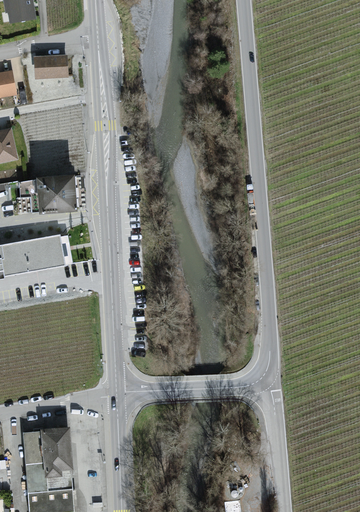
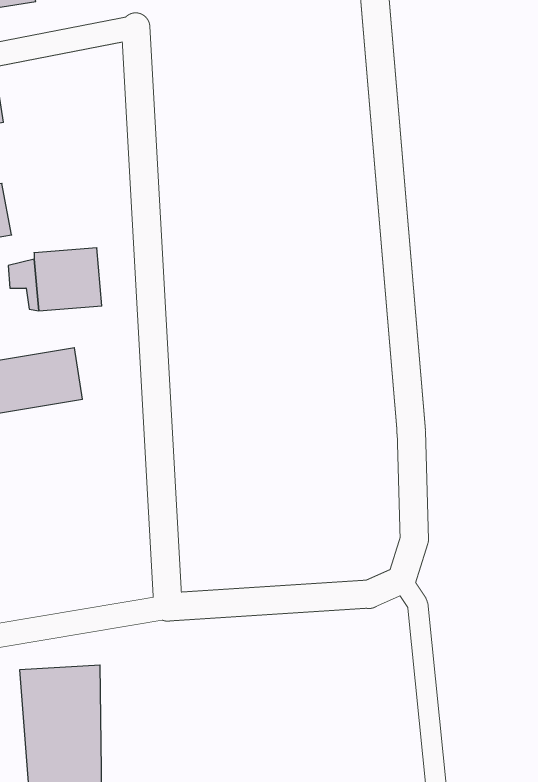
building: [31,56,66,77] -> none

